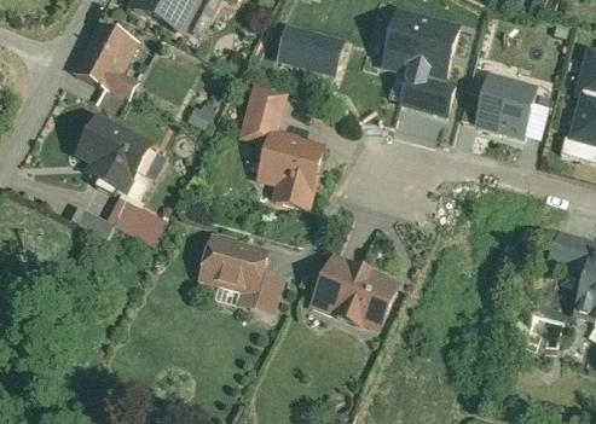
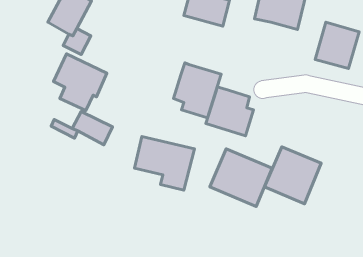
building: [397,68,456,114] -> none
building: [239,83,293,146] -> none
building: none -> [206,87,254,136]
building: none -> [264,147,321,204]

